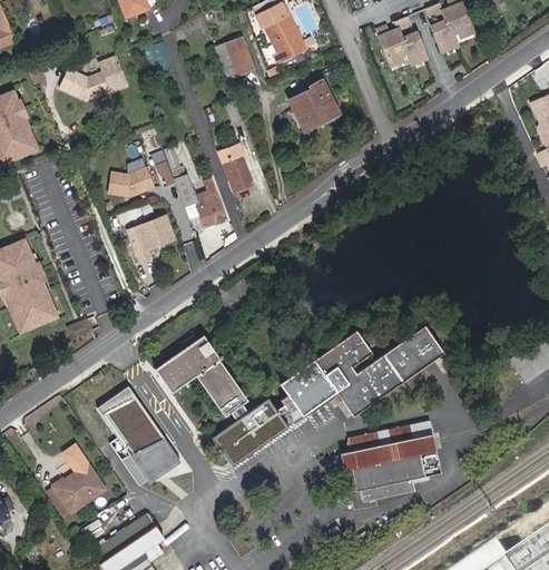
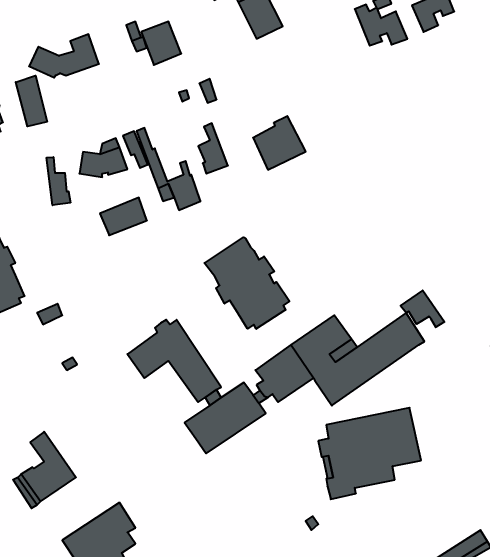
building: [215,36,254,78] -> [141,22,181,65]
building: [288,78,340,130] -> [253,116,306,170]
building: none -> [16,76,47,126]
building: none -> [47,157,70,205]
building: none -> [204,237,289,329]
building: none -> [401,290,444,327]
building: [97,386,180,487] -> none

